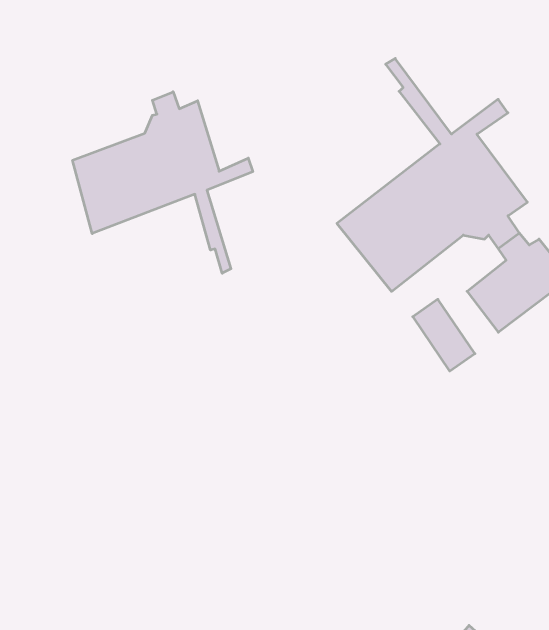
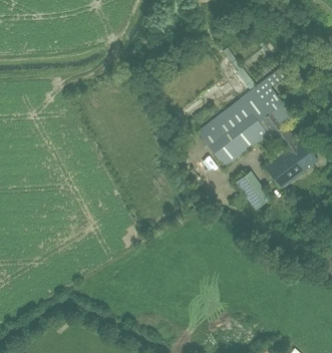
building: [73,92,253,273] -> none

